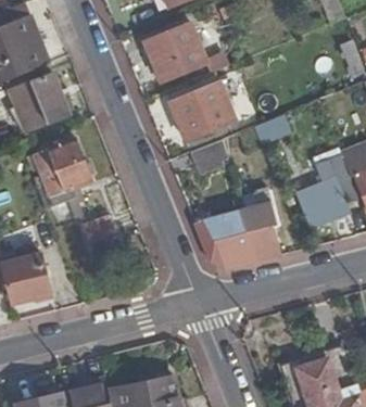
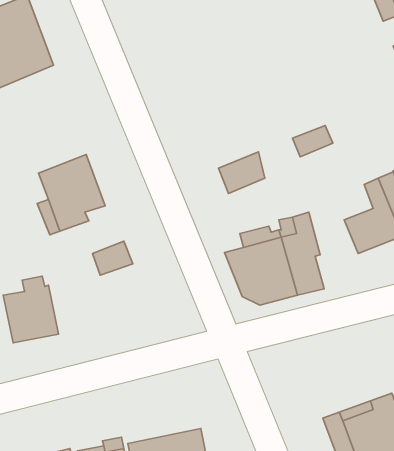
building: [144,23,207,82] -> none
building: [10,75,68,132] -> none
building: [168,81,236,140] -> none

